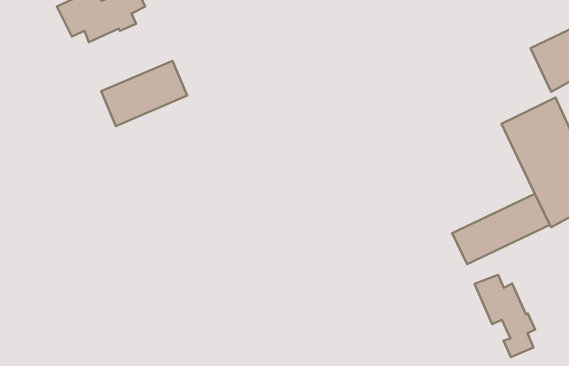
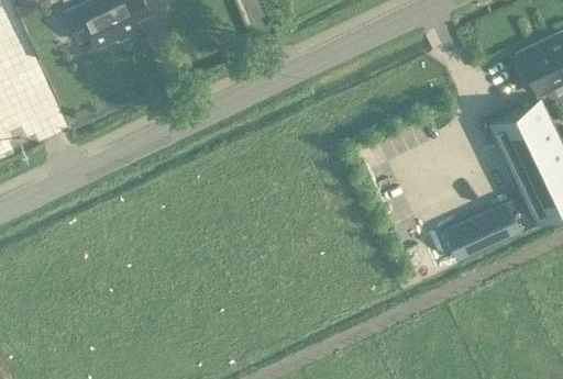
building: [101,61,187,126] -> none
building: [474,275,535,357] -> none

